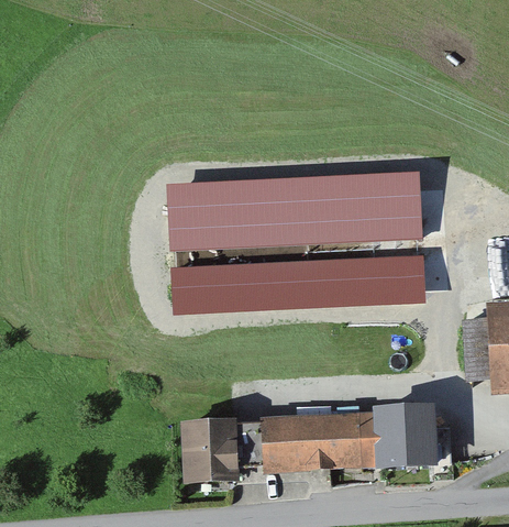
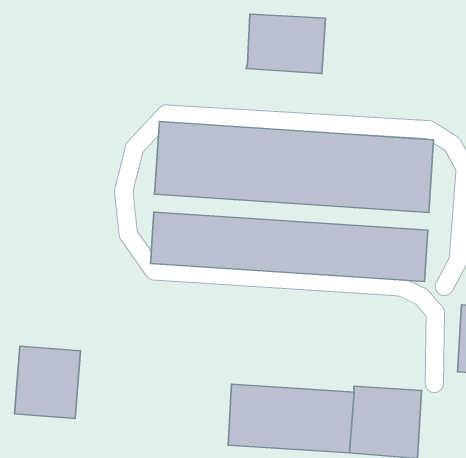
building: none -> [246,14,325,74]
building: [181,418,240,483] -> [14,346,81,418]

